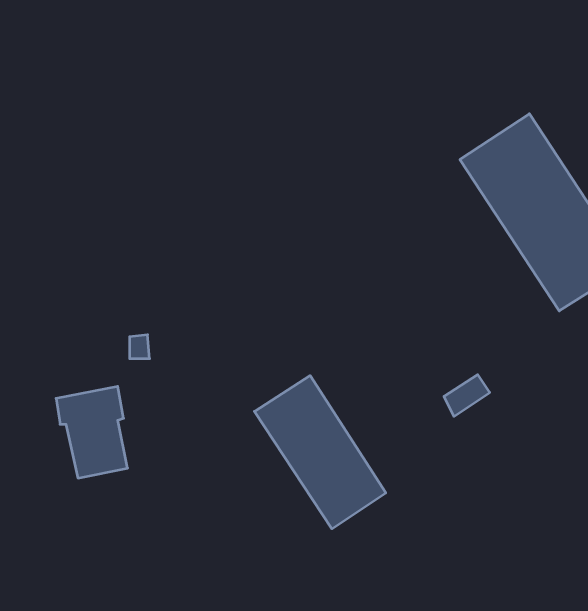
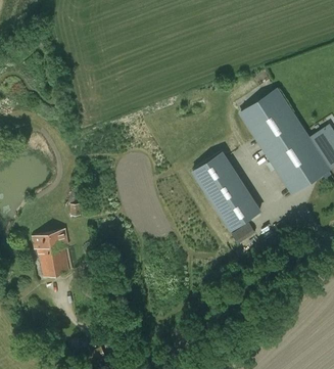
building: [254,376,386,529] -> [192,151,259,230]

